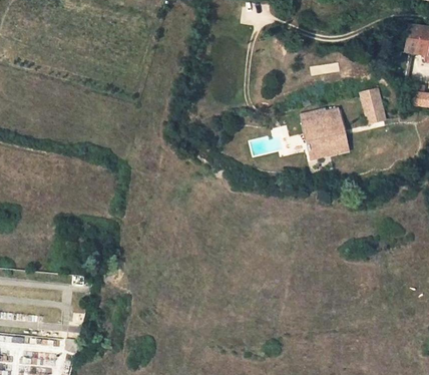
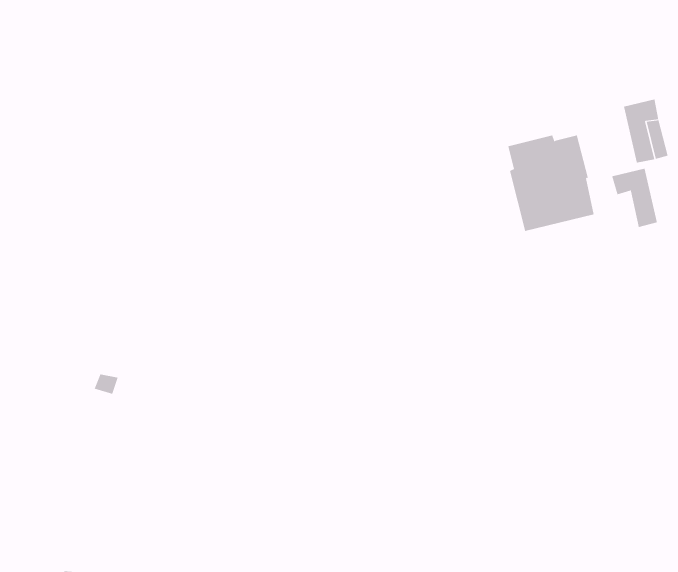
building: none -> [612,168,658,228]

